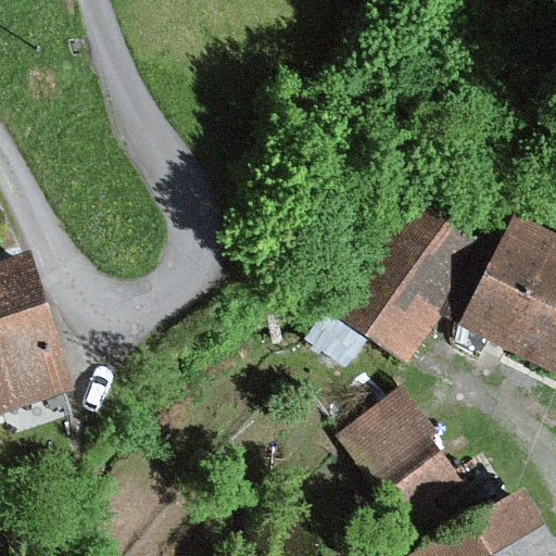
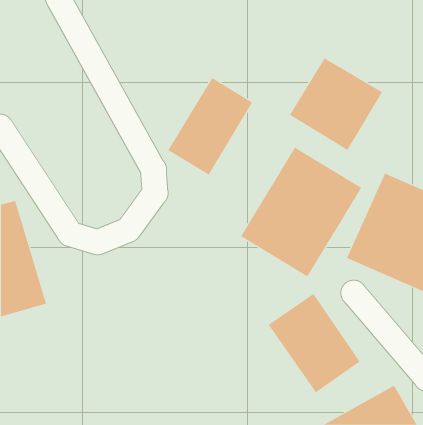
building: none -> [289,57,383,151]
building: none -> [168,77,253,176]

